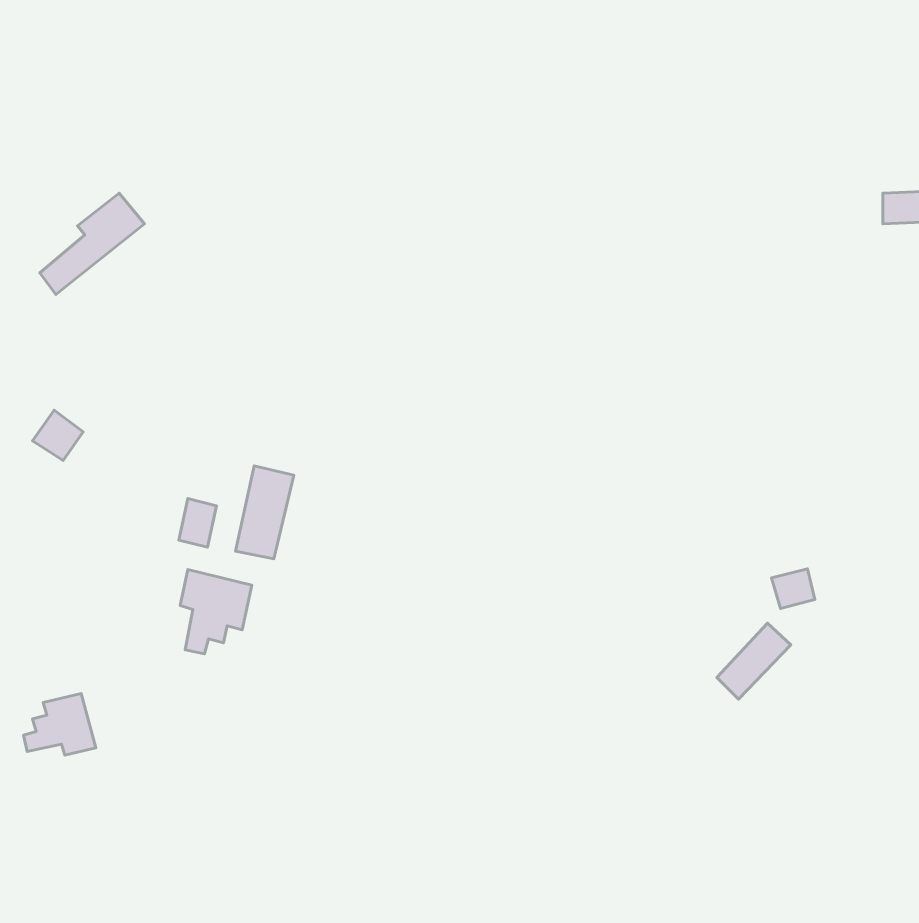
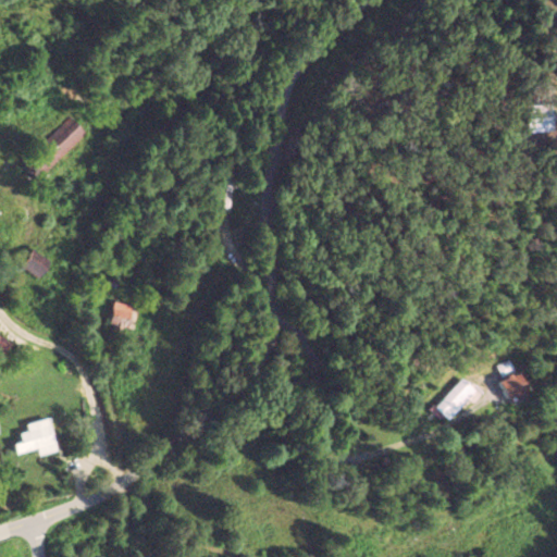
building: [235,466,294,559] -> none
building: [772,569,815,608] -> [500,373,527,397]
building: [180,569,252,654] -> none

